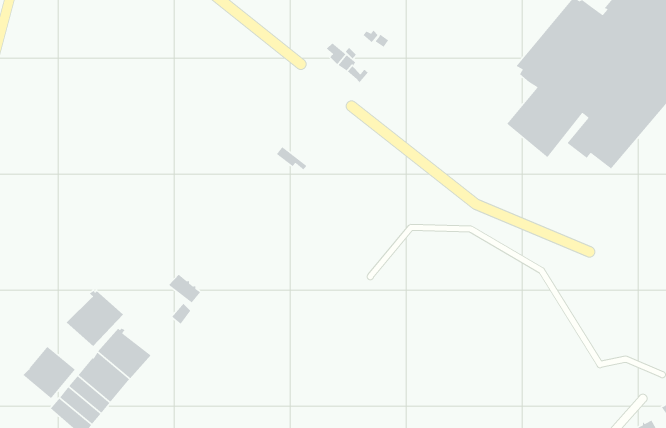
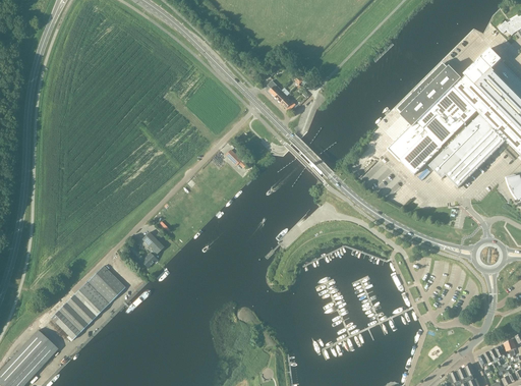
building: [66,290,124,347] -> none
building: [23,346,76,399] -> none

